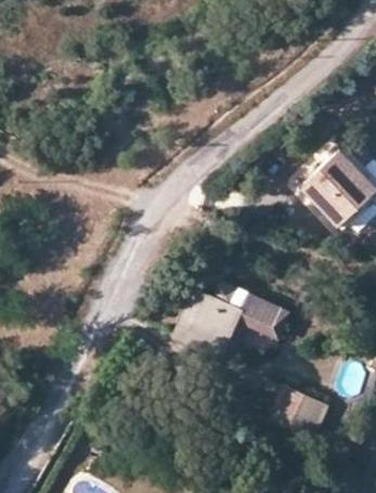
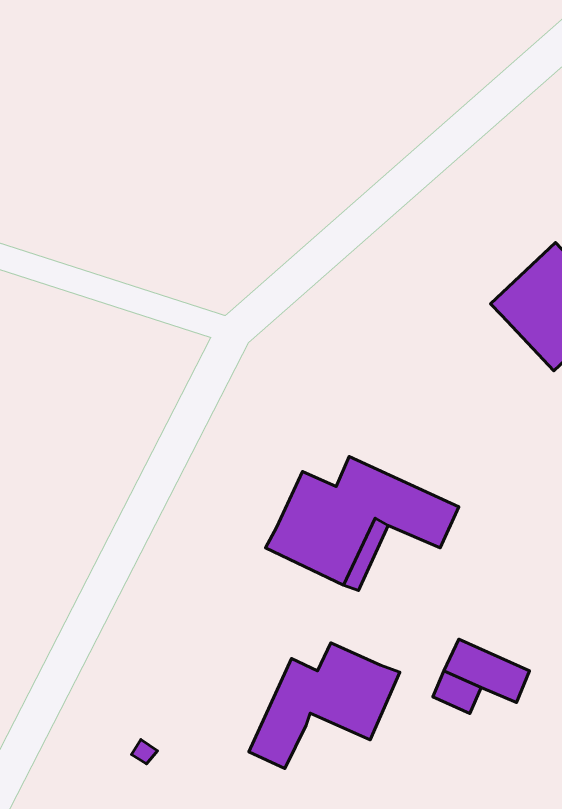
building: none -> [249,643,400,769]

